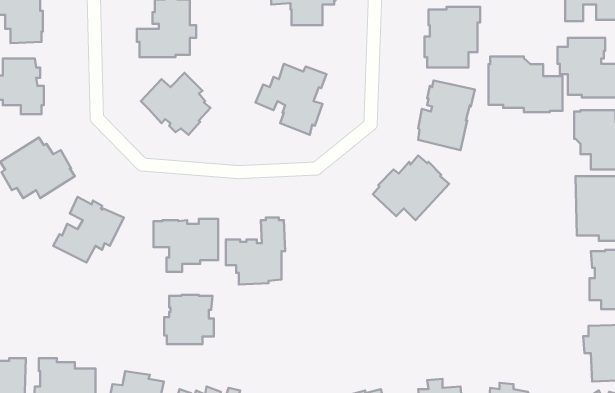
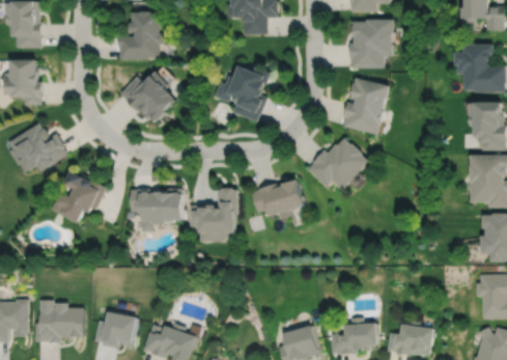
building: [489,57,563,112] -> none
building: none -> [250,178,303,219]
building: [164,295,214,344] -> none

